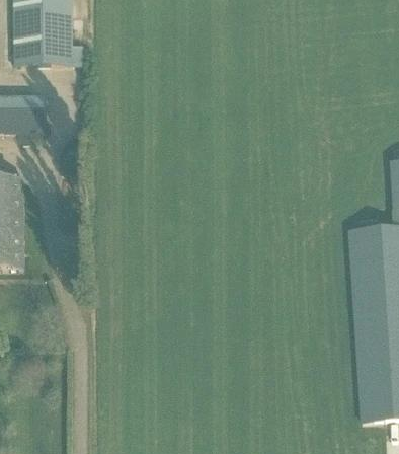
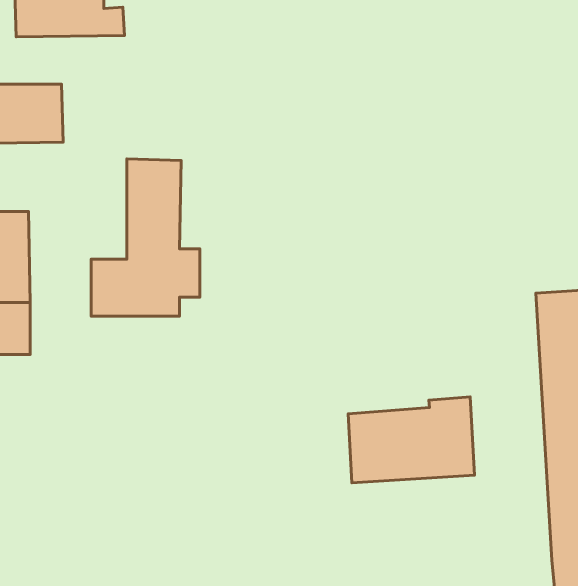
building: none -> [91,159,200,316]
building: none -> [348,397,474,483]

